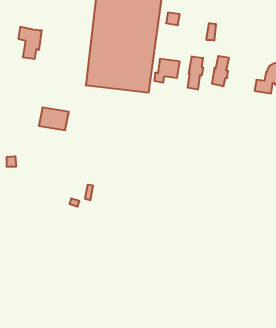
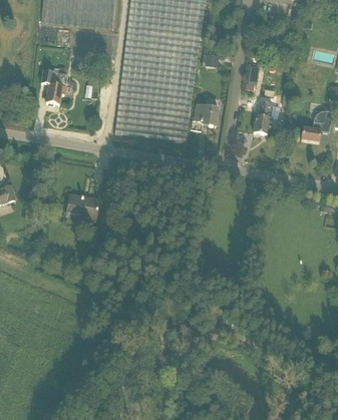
building: [188,56,203,90] -> none
building: [39,107,69,130] -> [66,194,99,220]

